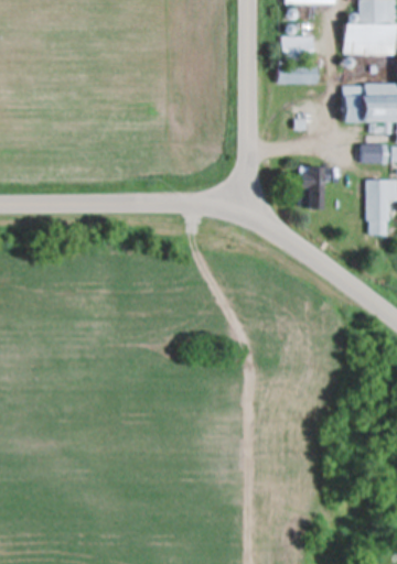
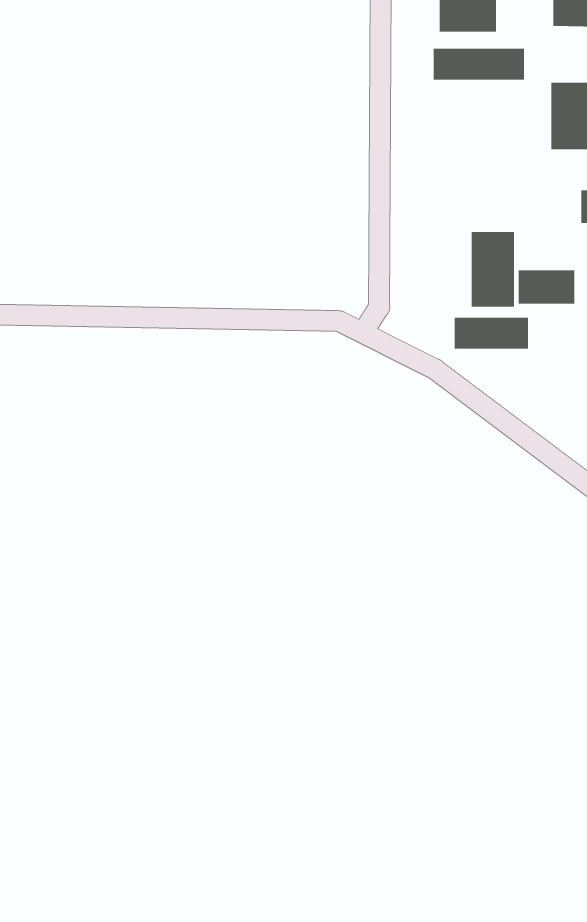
building: none -> [518,269,575,304]
building: none -> [454,317,529,349]

